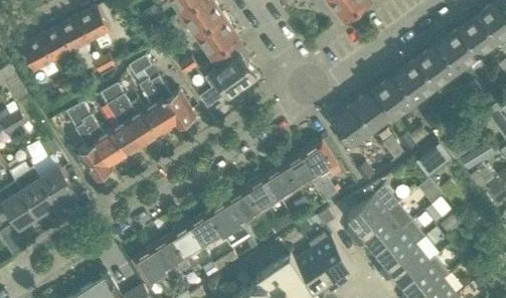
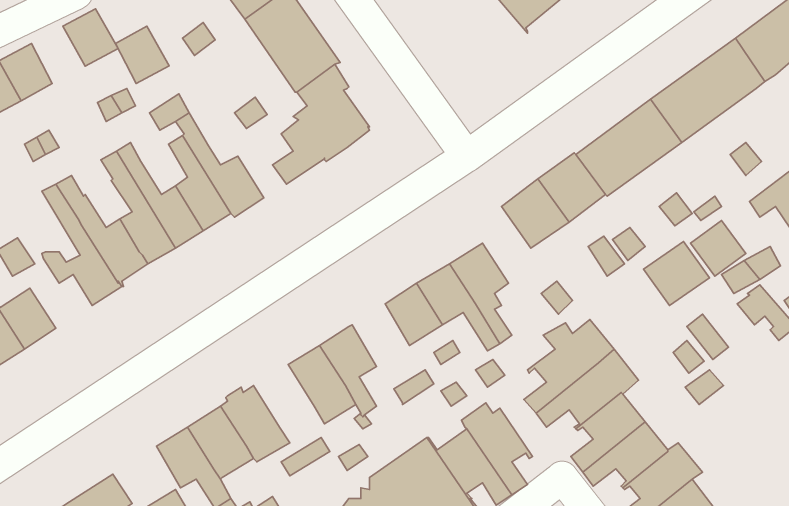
building: [60,17,92,50] -> [115,26,169,83]
building: [246,178,280,214] -> none
building: [189,213,224,250] -> none

